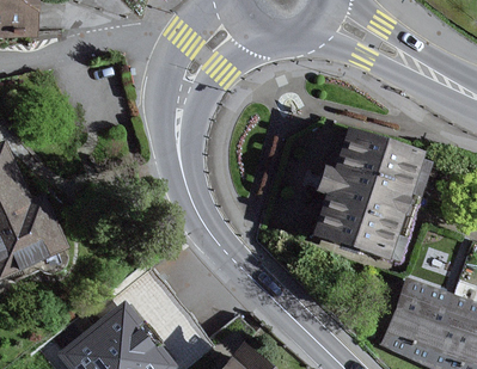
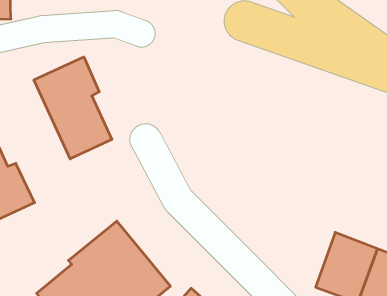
building: none -> [34,57,112,159]
building: [322,129,428,253] -> none

